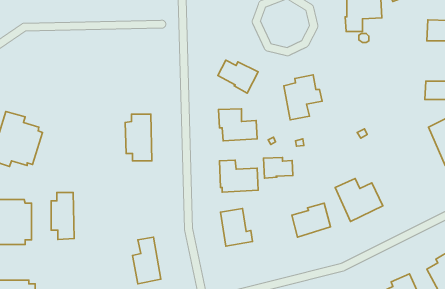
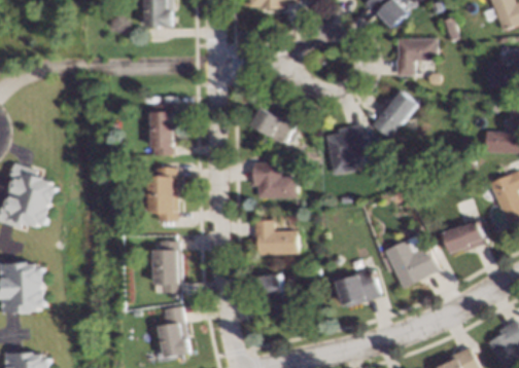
building: none -> [372,88,418,137]
building: none -> [151,103,174,154]
building: [264,158,293,178] -> none
building: none -> [443,217,486,253]
building: [51,193,74,239] -> [153,241,179,293]

